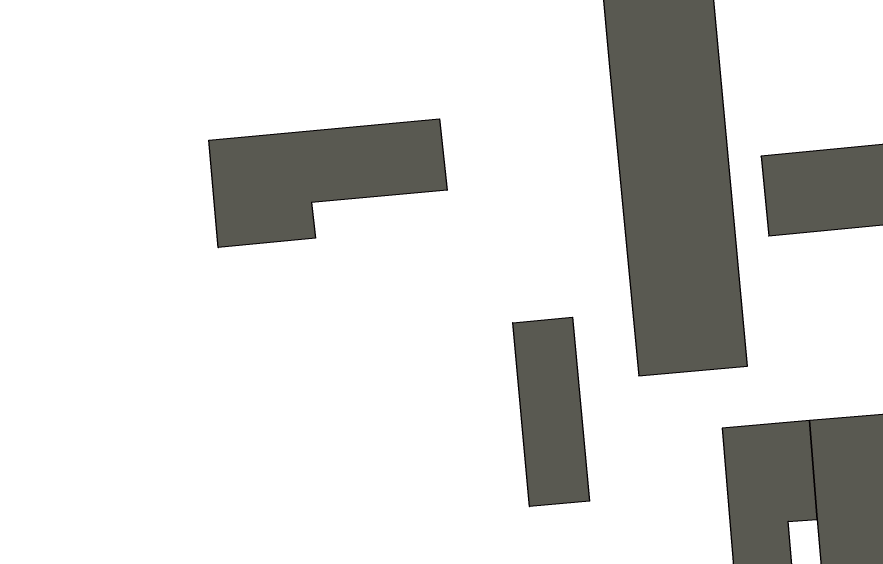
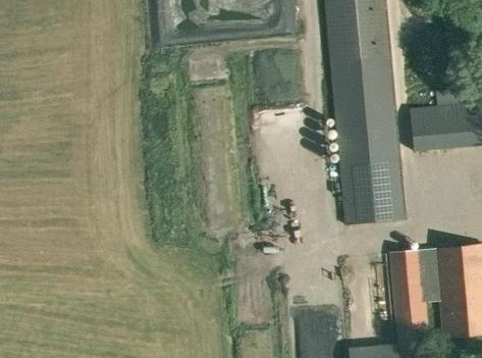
building: [209,119,447,248] -> none
building: [513,317,590,507] -> none

